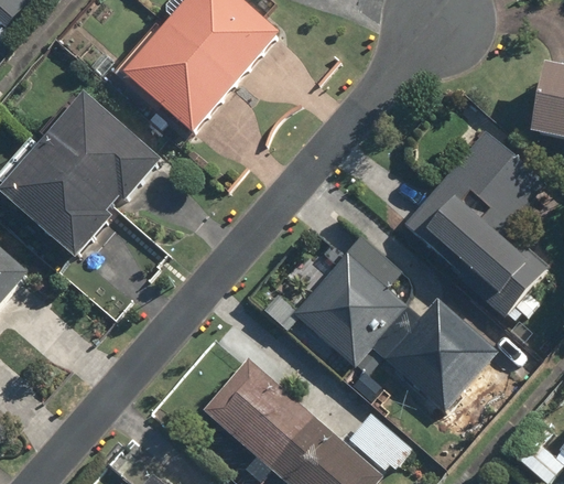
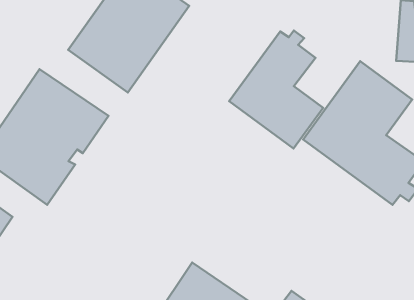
building: none -> [229,31,323,148]
building: [293,234,498,410] -> none

